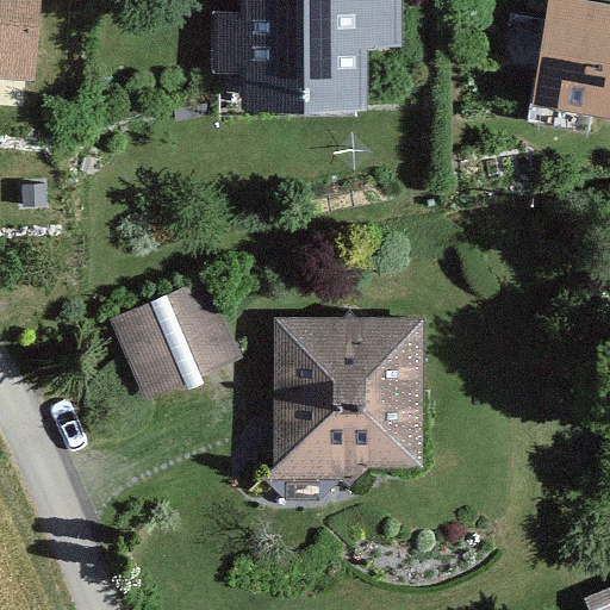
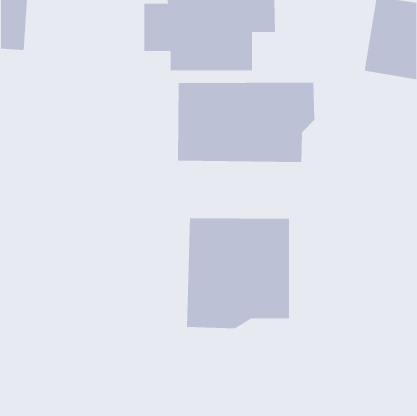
building: none -> [177,82,315,163]
building: [108,278,242,399] -> none

